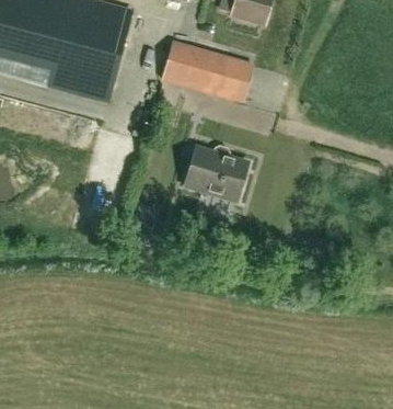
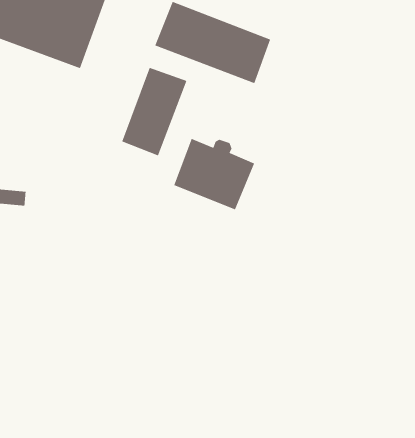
building: none -> [121,67,187,157]

